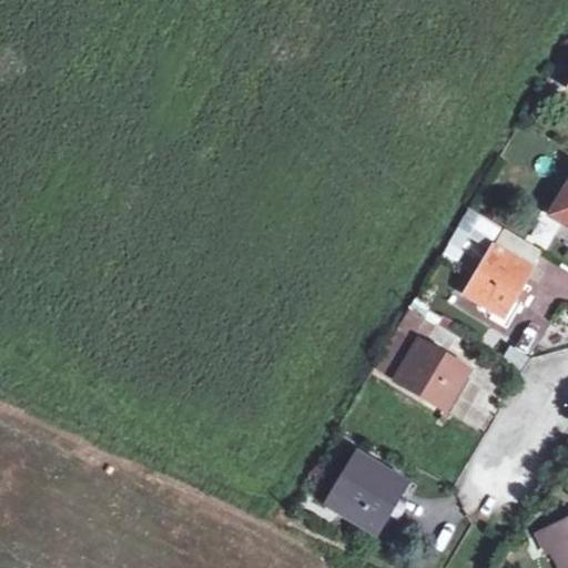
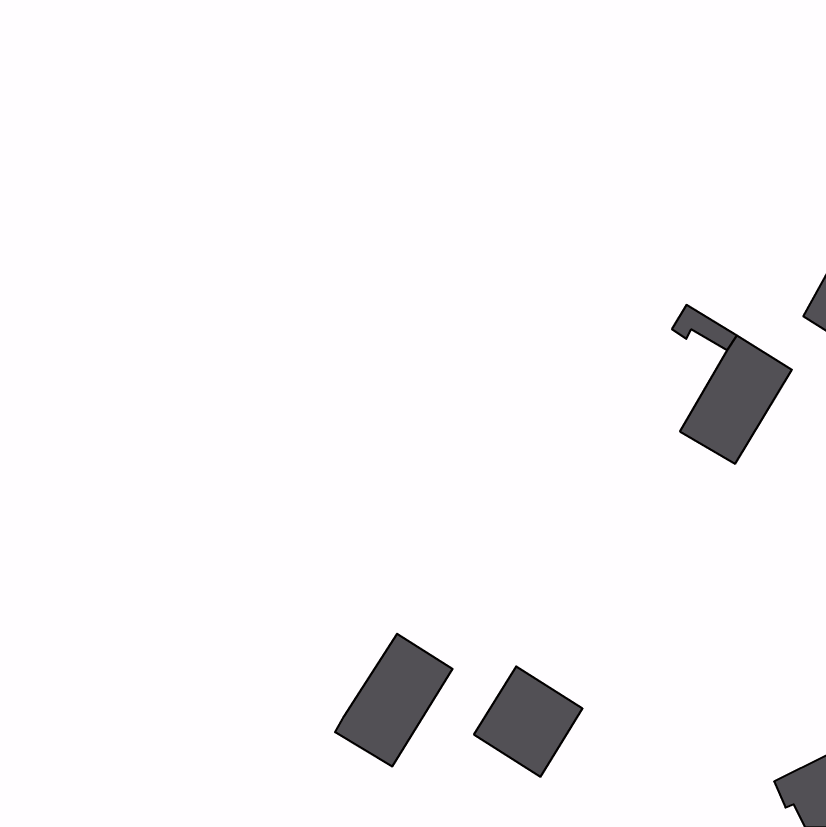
building: [381,306,471,412] -> none
building: none -> [335,634,453,767]

